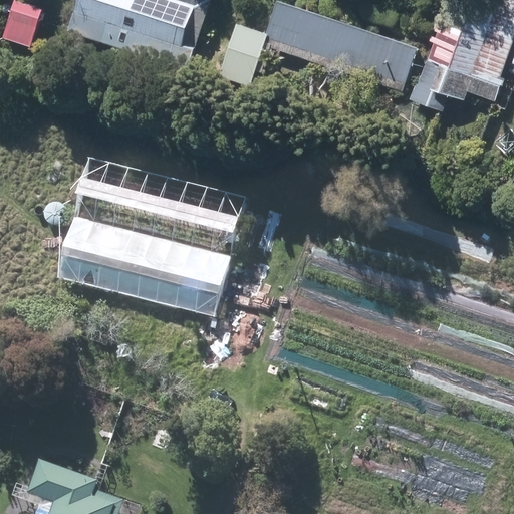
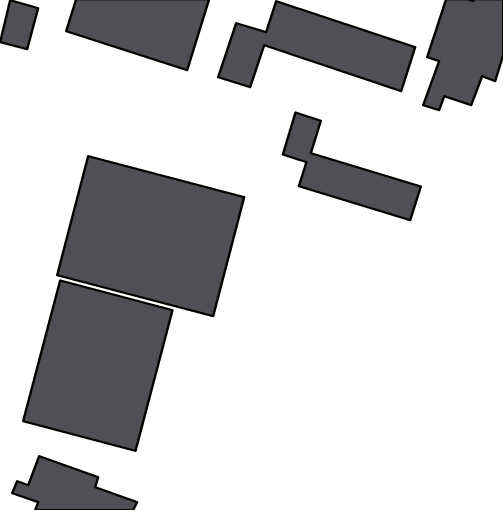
building: none -> [283,113,421,220]
building: none -> [23,280,173,451]

